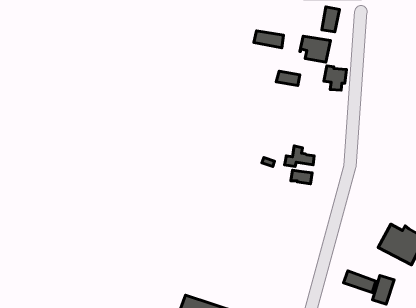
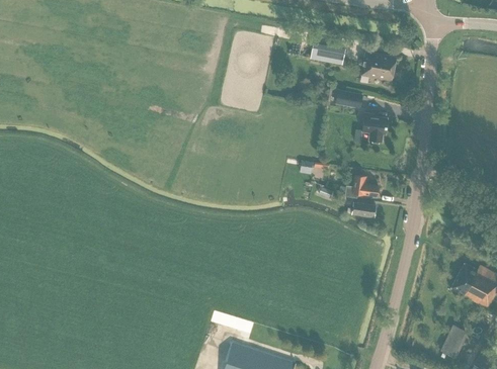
building: [322,7,340,32] -> none
building: [324,66,346,90] -> [362,114,388,142]
building: [343,271,376,292] -> none

